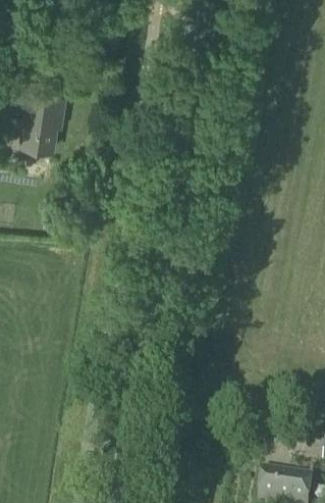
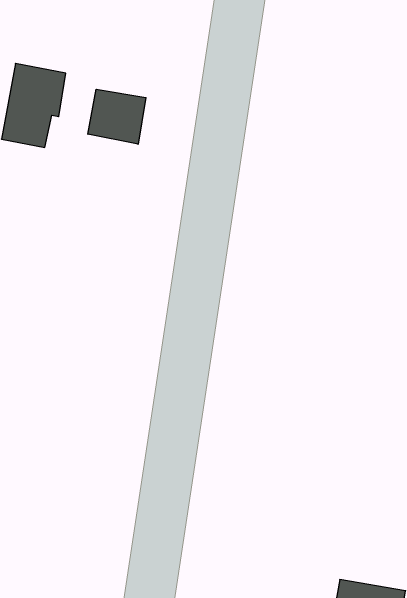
building: none -> [88,89,146,144]

